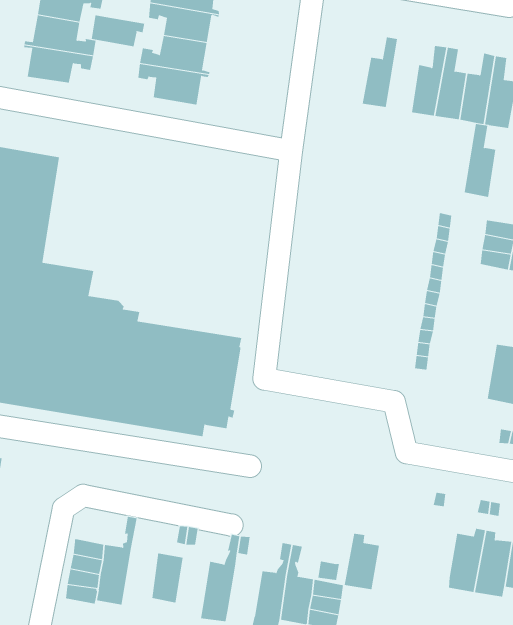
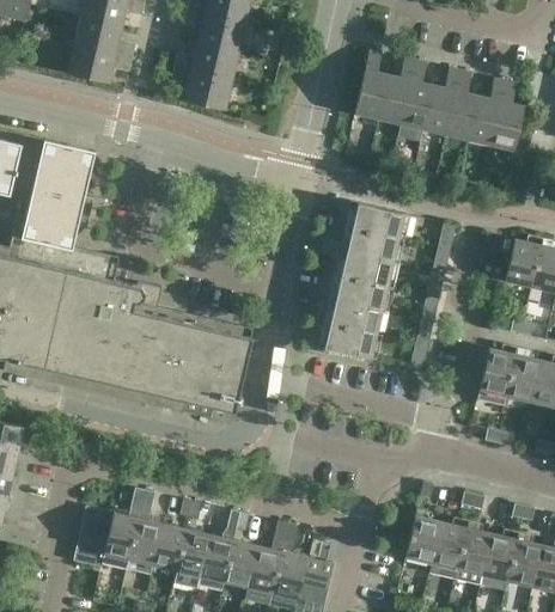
building: [91,15,145,47] -> none
building: none -> [354,49,389,118]
building: [464,124,496,197] -> [401,60,433,129]
building: none -> [317,201,410,360]
building: none -> [127,490,163,576]
building: [344,533,380,590] -> [405,509,441,563]
building: none -> [175,530,211,588]
building: none -> [225,540,258,588]

